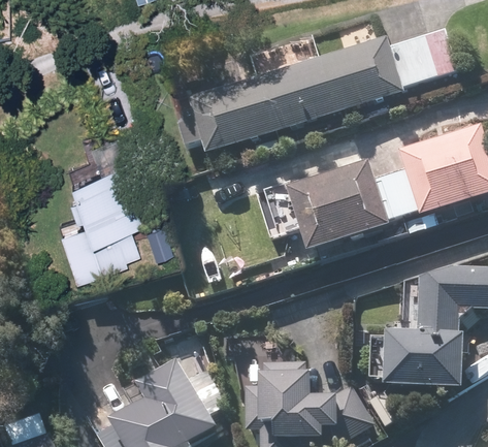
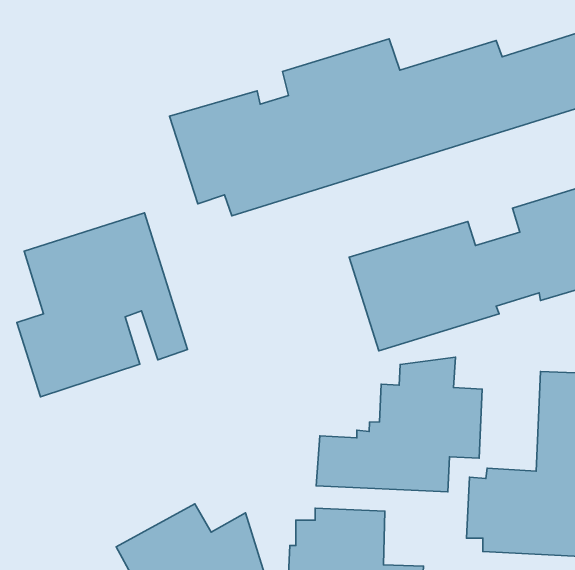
building: none -> [316,357,482,492]

